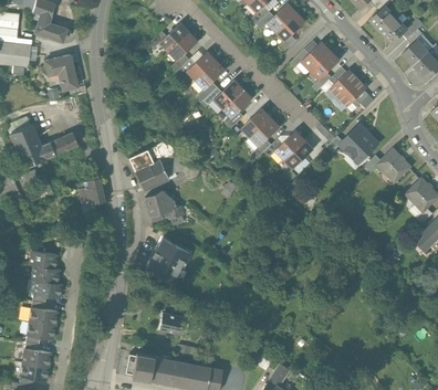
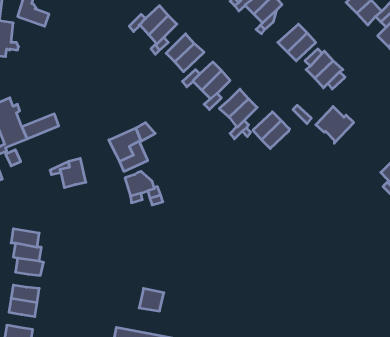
building: [44,55,77,91] -> none
building: [377,148,410,181] -> none
building: [146,240,191,285] -> none

